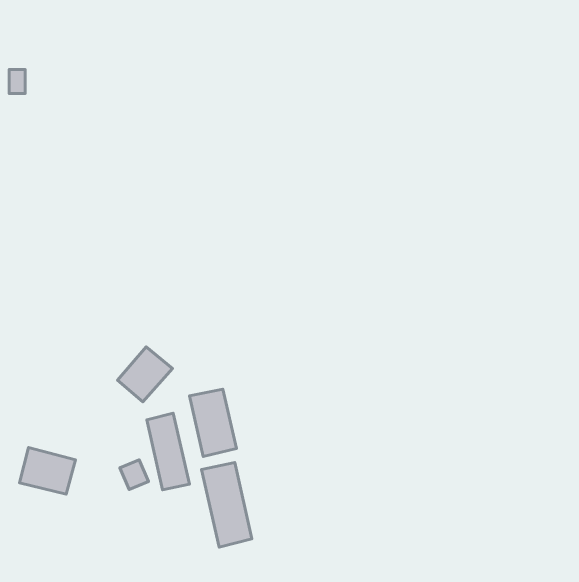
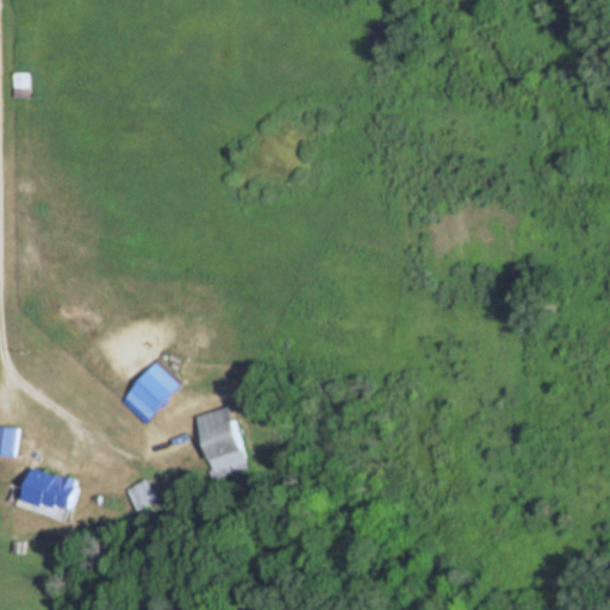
building: [147,413,189,490] -> none
building: [202,463,252,547] -> none

